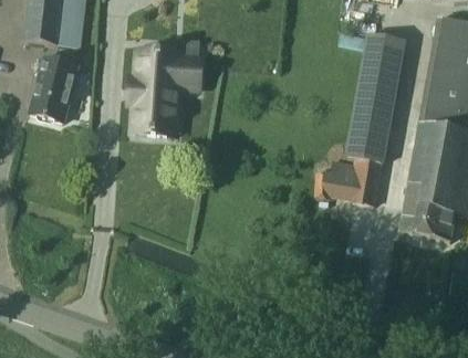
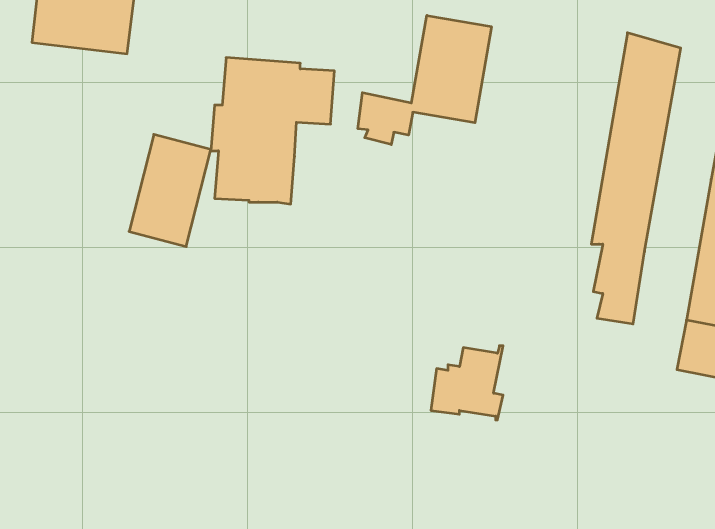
building: none -> [358,15,491,145]
building: [30,56,77,122] -> [129,134,211,247]
building: [314,158,356,201] -> [431,346,503,420]

